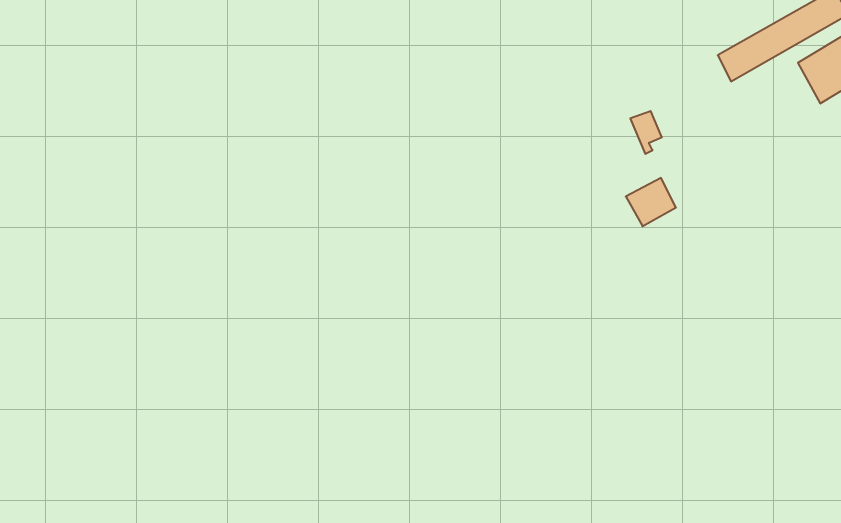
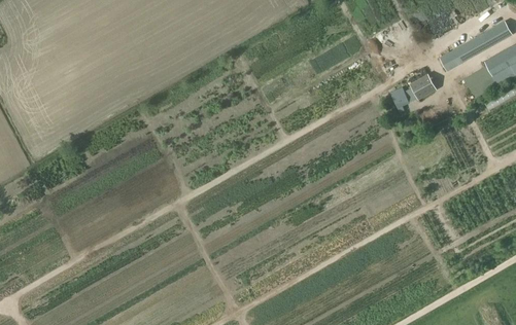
building: [626,178,676,226] -> [409,72,437,99]

